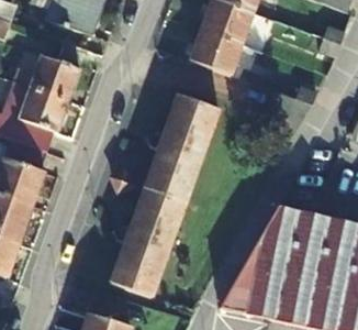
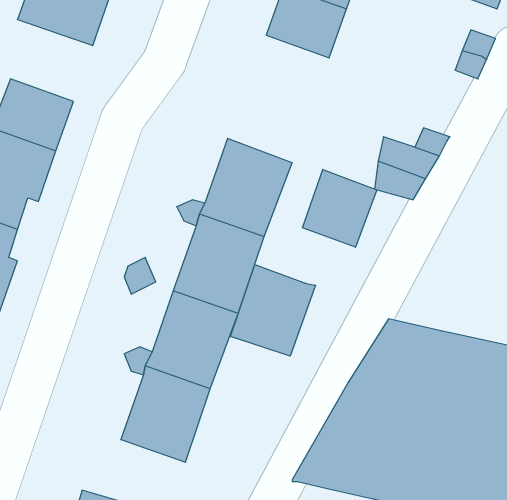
building: [190,29,242,75] -> none
building: none -> [302,169,377,247]
building: none -> [230,264,315,356]

